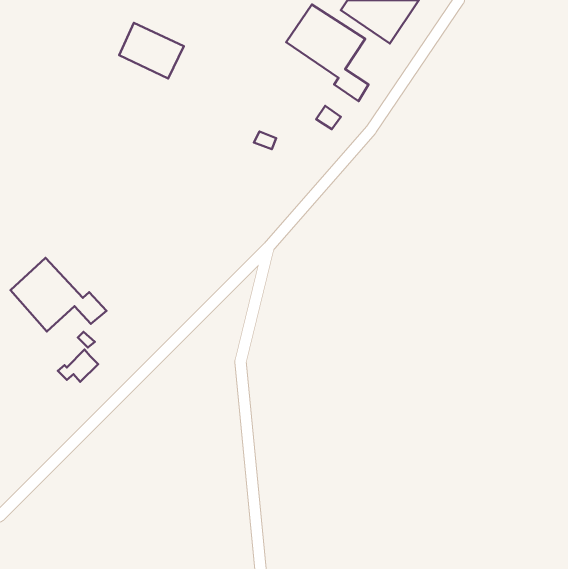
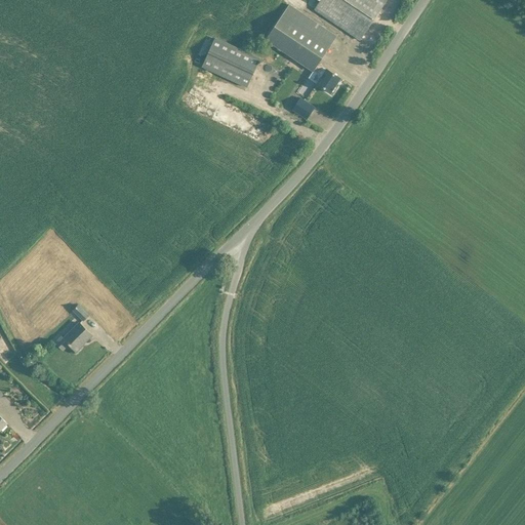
building: [119,23,184,78] -> [201,37,260,88]
building: [11,258,106,331] -> none

